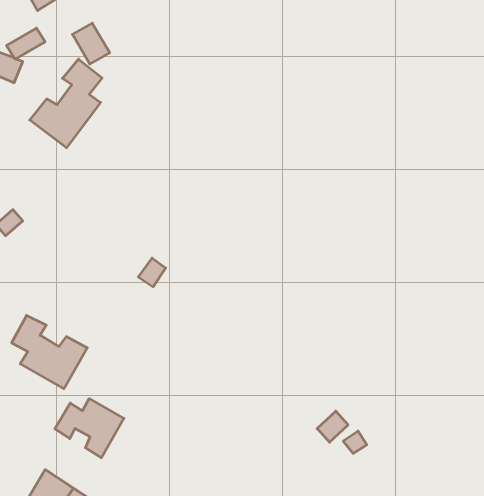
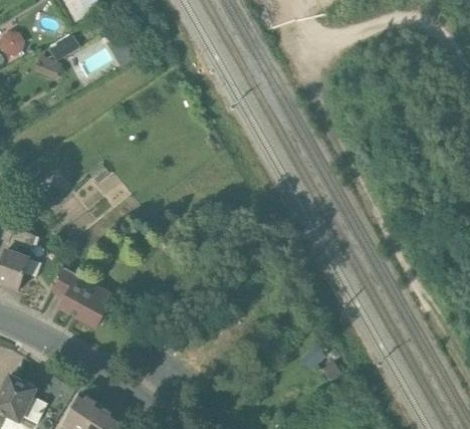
building: [30,59,102,148] -> none
building: [55,399,124,458] -> none

